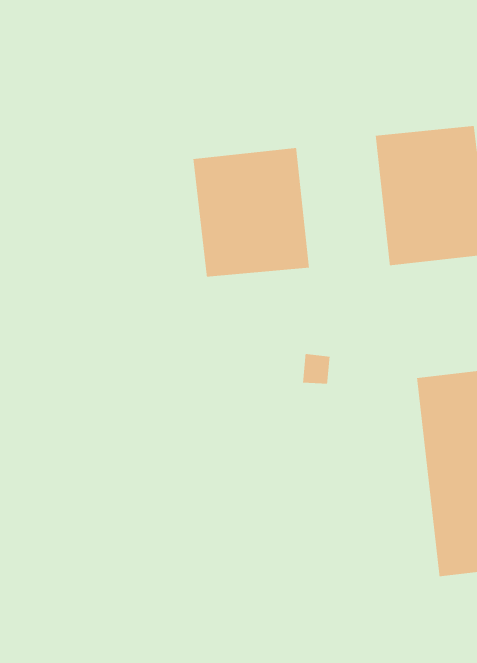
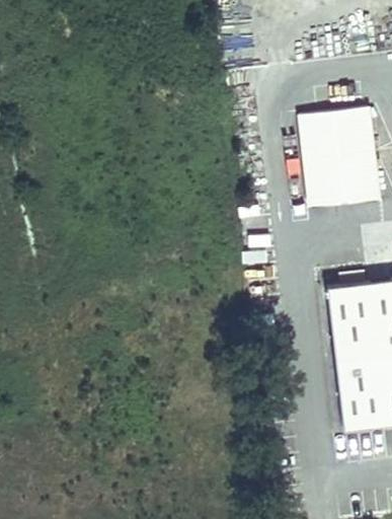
building: [193,147,310,278] -> none

